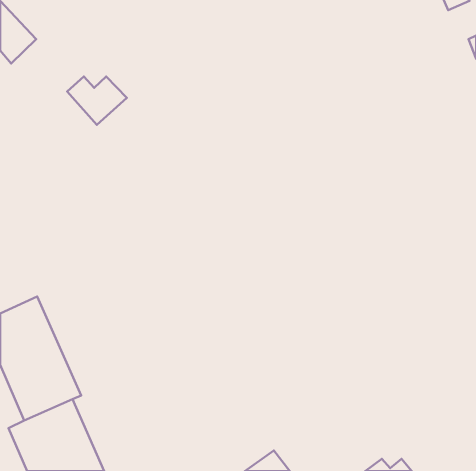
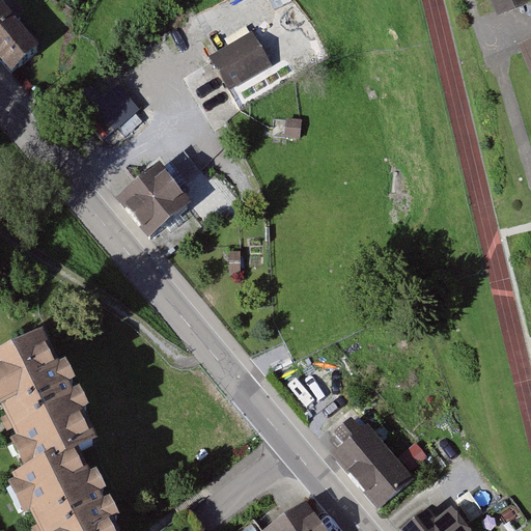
building: none -> [211,31,272,91]
building: none -> [119,159,195,233]
building: none -> [334,425,413,507]

